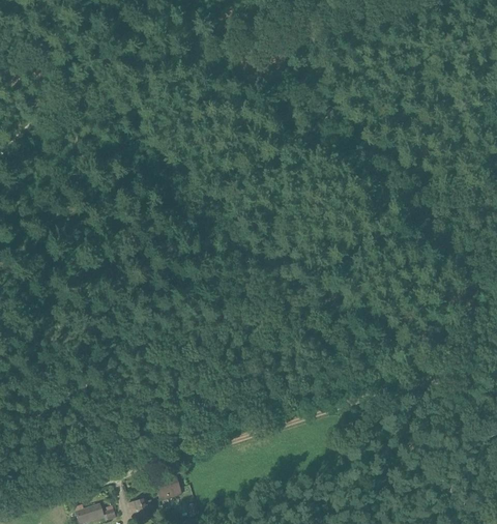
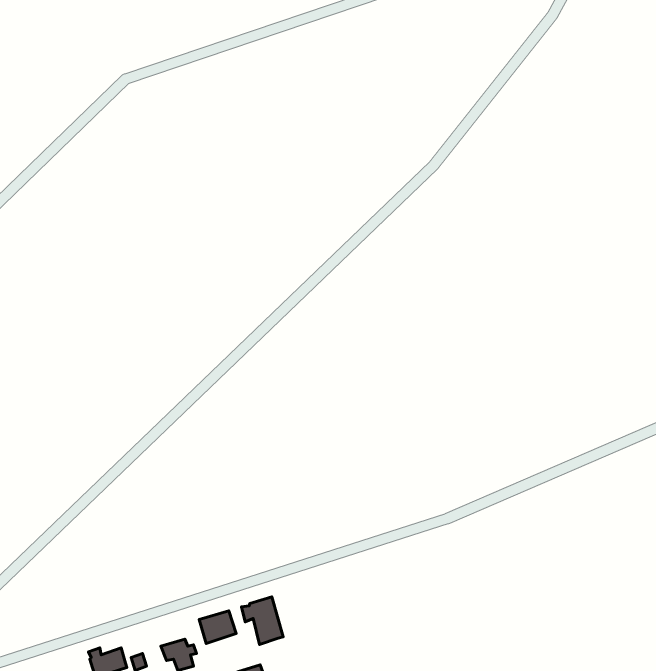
building: none -> [242,597,283,644]

